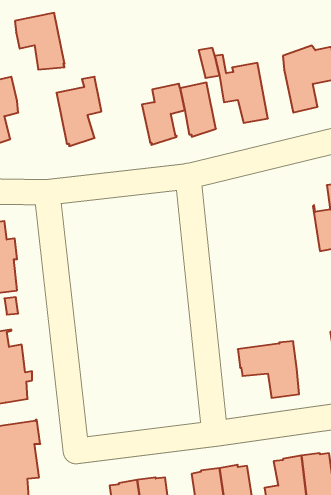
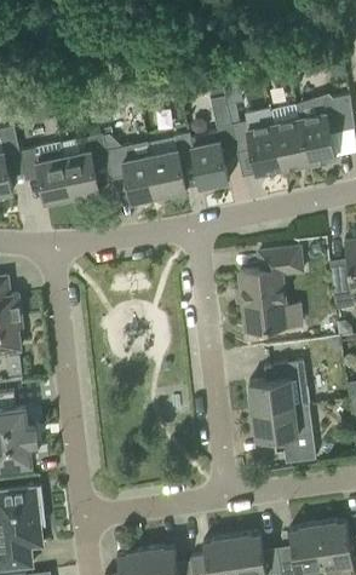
building: [15,13,65,69] -> [19,144,71,203]
building: none -> [270,105,309,171]
building: none -> [105,146,159,202]
building: none -> [239,249,302,332]
building: none -> [248,362,309,413]

